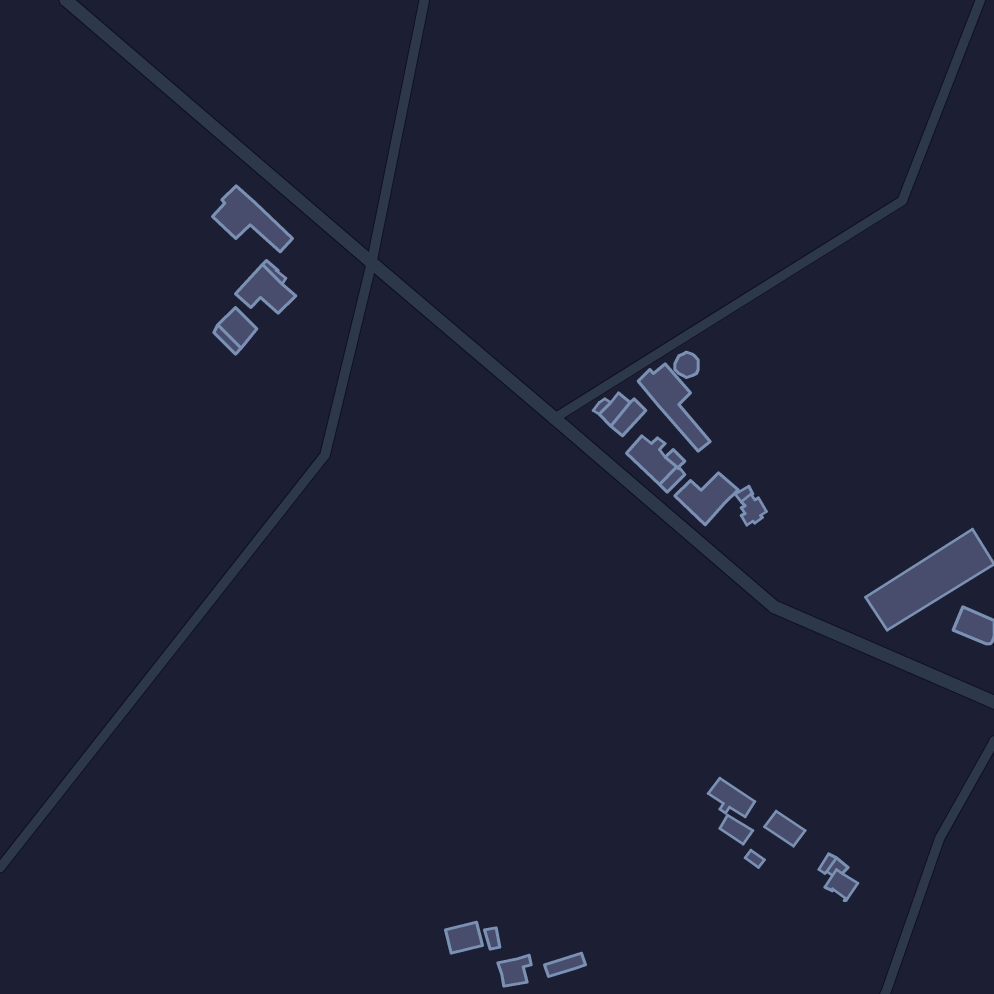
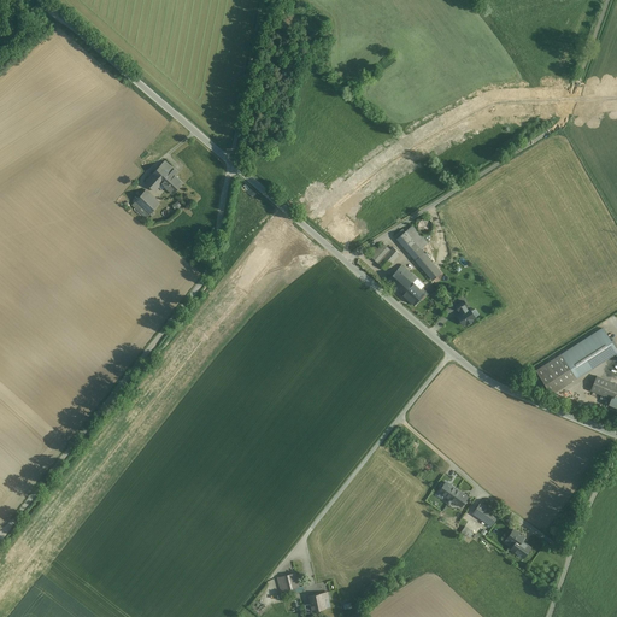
building: [213,186,292,252] -> none
building: [675,473,738,525] -> none

